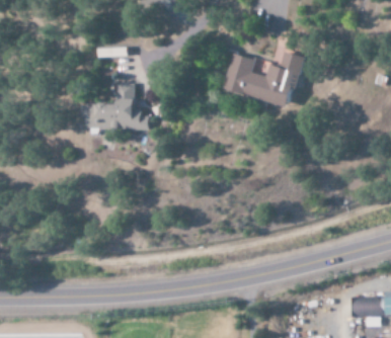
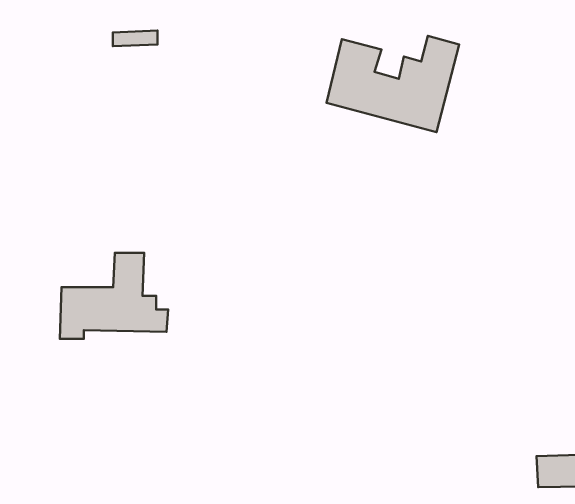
building: [83,83,147,134] -> [60,253,168,339]

